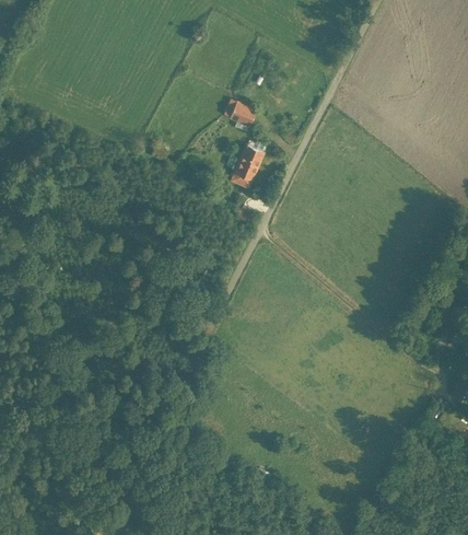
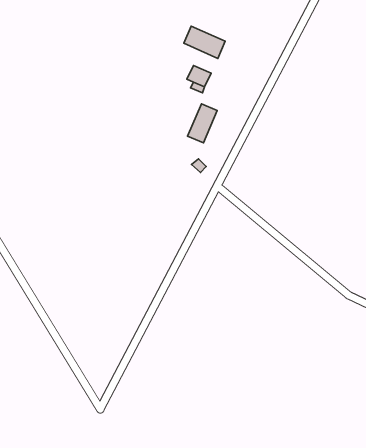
building: none -> [184,26,225,58]

